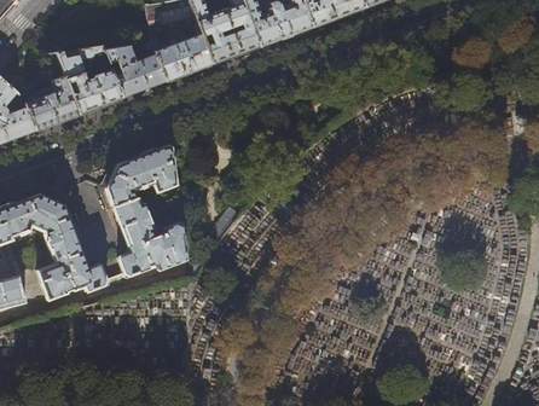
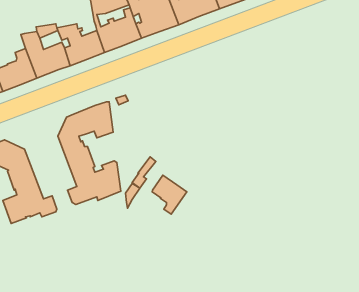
building: none -> [152,175,187,214]

